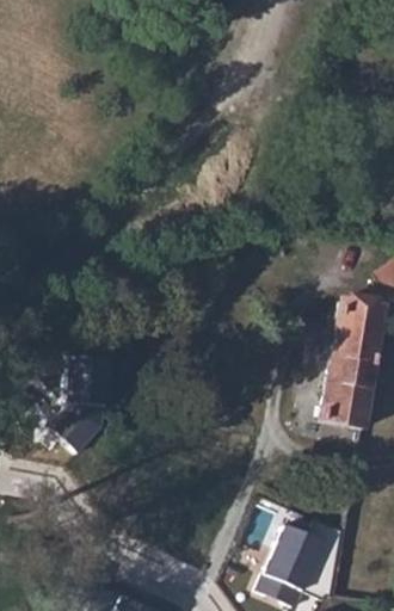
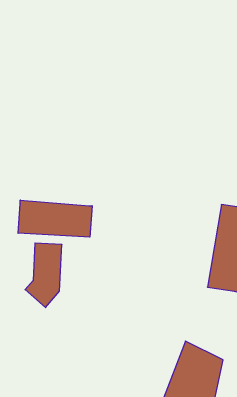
building: none -> [18,200,92,237]

